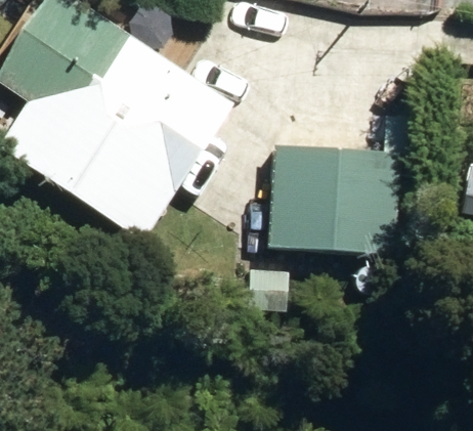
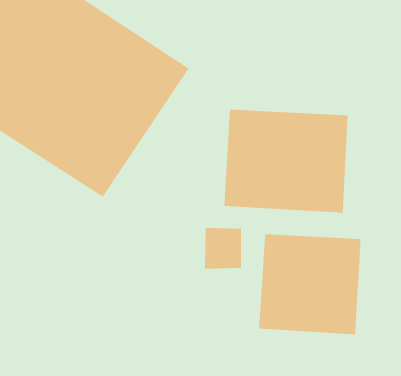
building: none -> [259,233,361,335]

